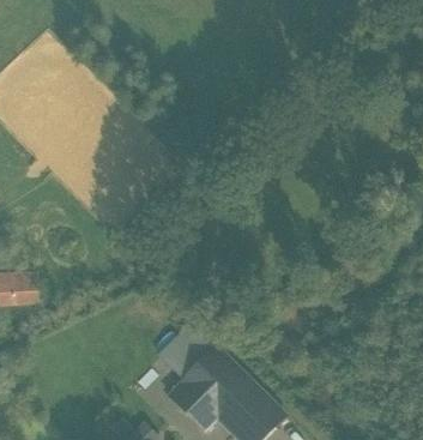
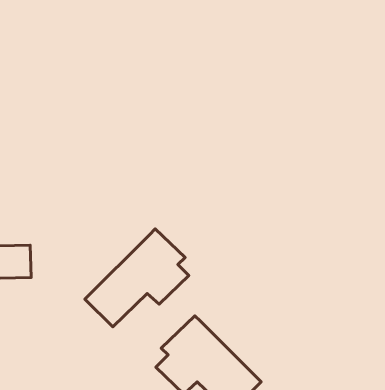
building: none -> [85,229,189,327]

